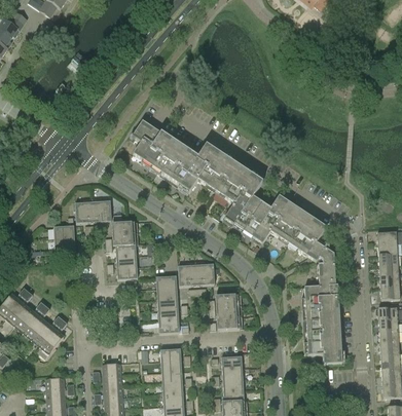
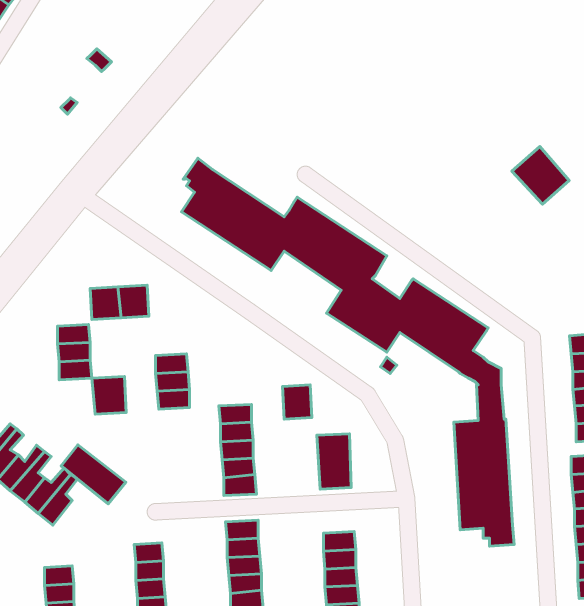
building: none -> [512,146,569,204]
building: [114,221,136,244] -> [92,377,126,414]
building: [178,264,197,286] -> none
building: none -> [61,445,126,504]

